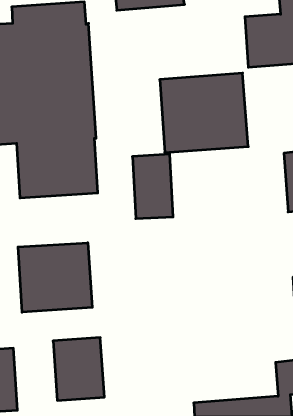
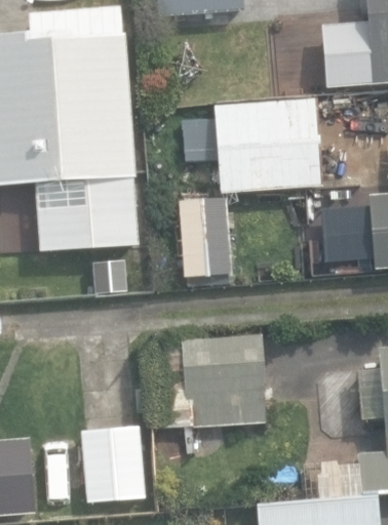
building: [18,243,92,312] -> none
building: none -> [153,332,268,429]

